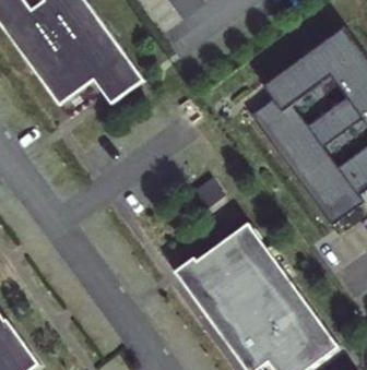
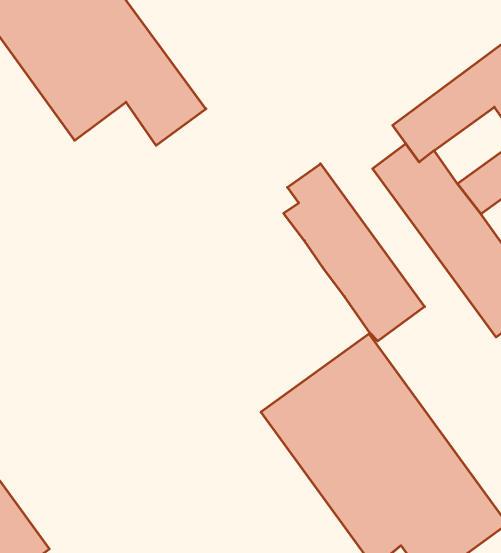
building: none -> [284,164,425,341]

